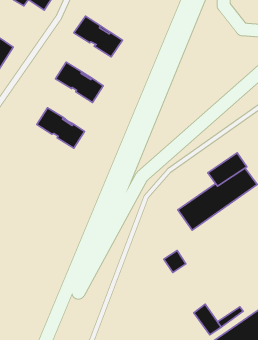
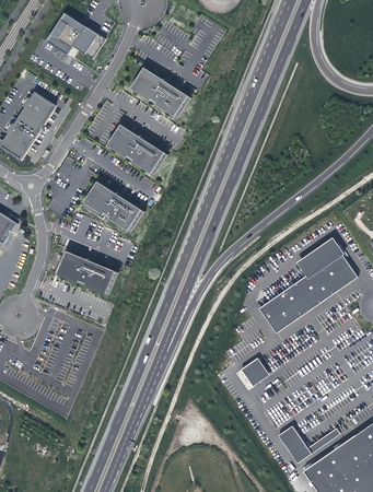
building: none -> [56,249,116,293]

